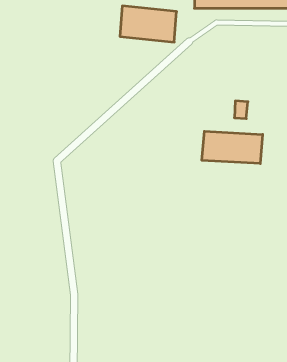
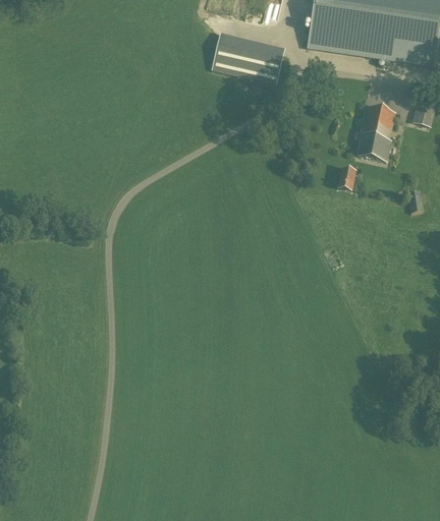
building: none -> [358,103,395,159]
building: [202,131,263,164] -> none

